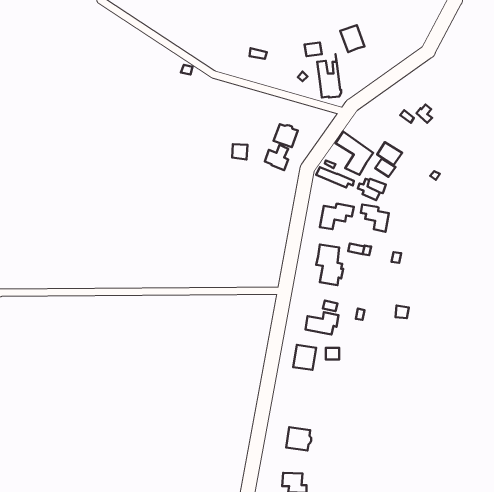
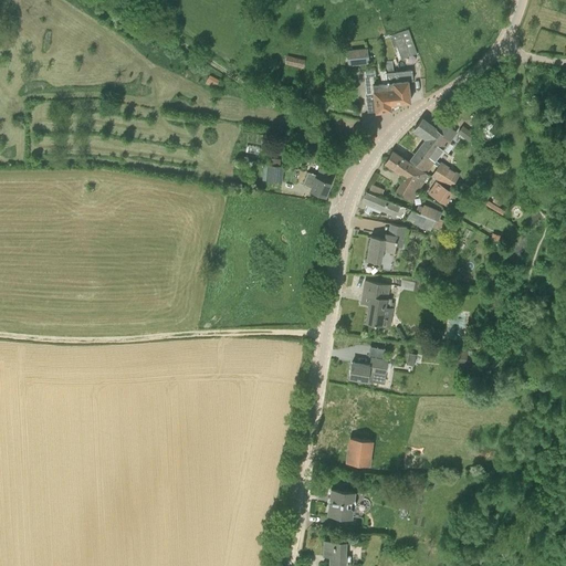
building: none -> [384,63,413,106]
building: none -> [411,120,455,174]
building: [274,124,298,147] -> none
building: [361,204,389,232] -> none
building: [293,345,316,370] -> [346,439,373,468]

